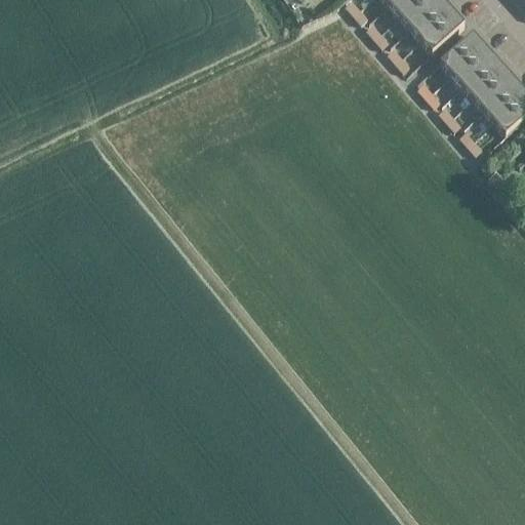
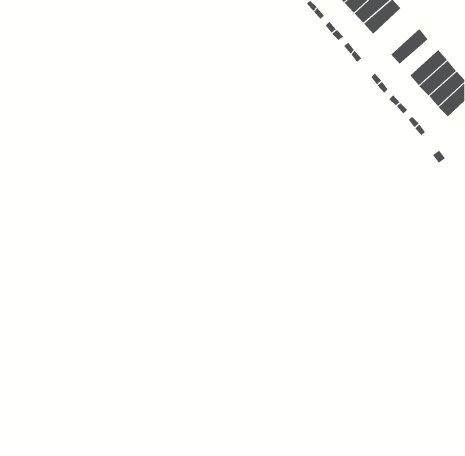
building: [420,9,463,50] -> none
building: [450,44,494,85] -> none

